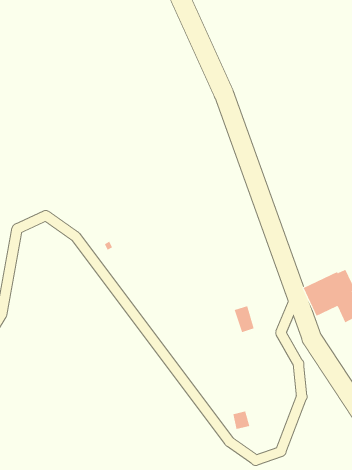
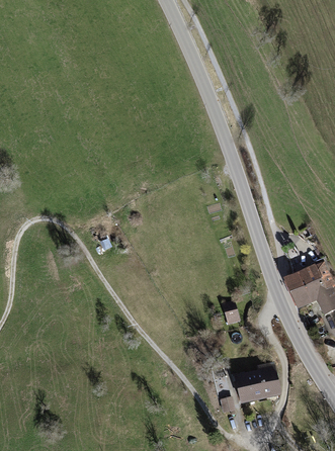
building: none -> [234,363,278,402]

